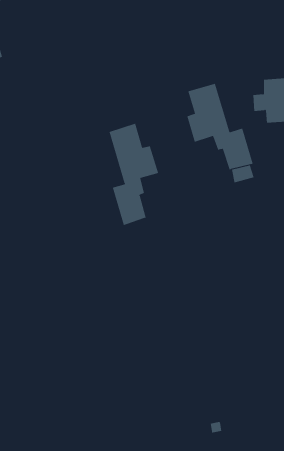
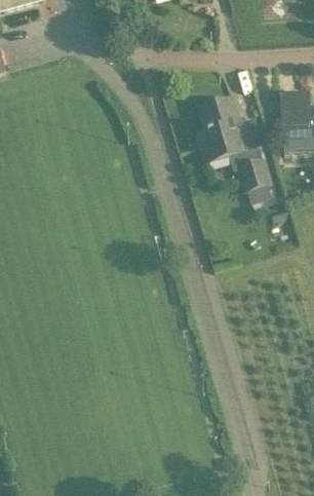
building: [109,123,159,226] -> none

